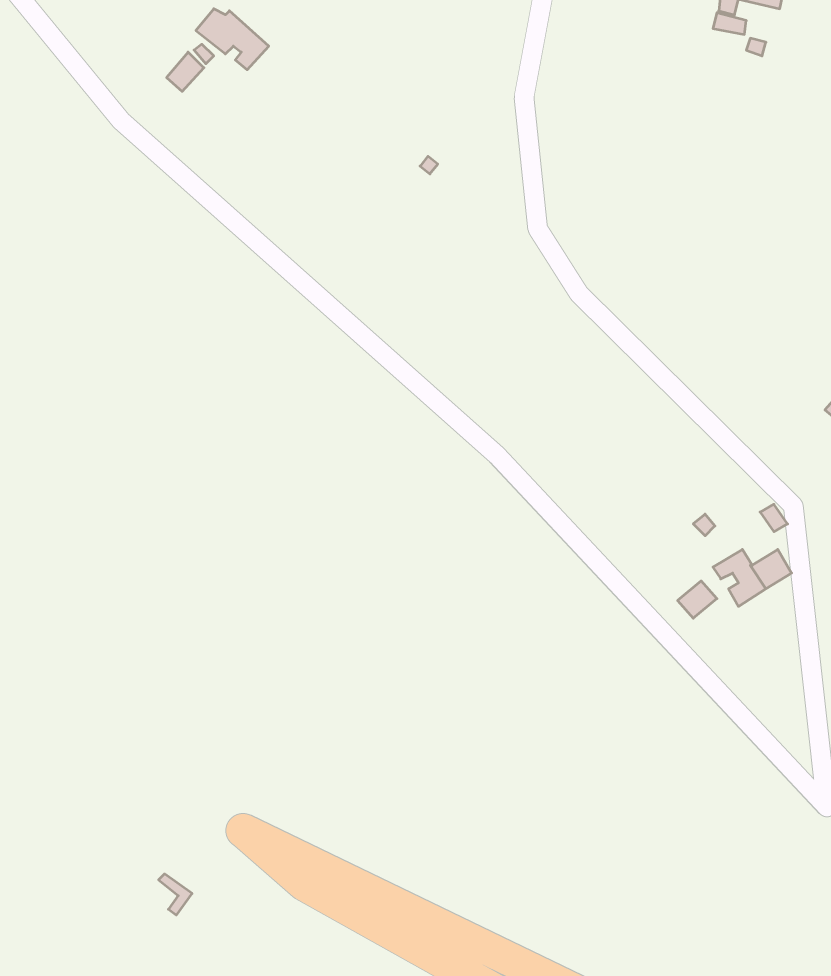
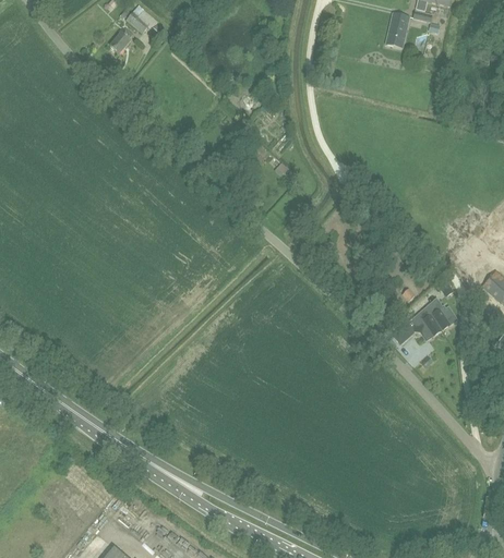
building: none -> [385,12,409,47]

